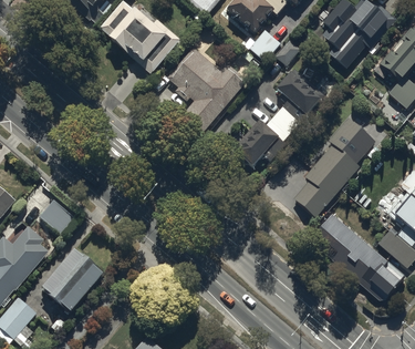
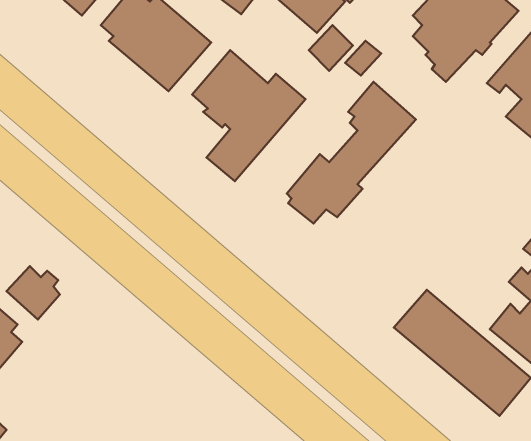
building: [288,114,376,224] -> none
building: [41,248,105,314] -> none

